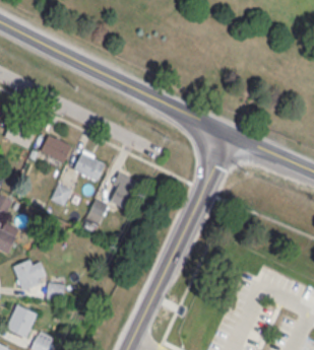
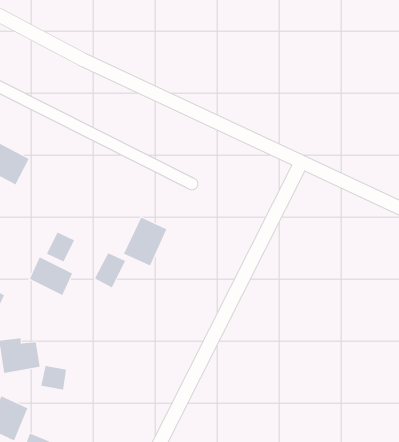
building: [40,135,71,163] -> none
building: [73,150,107,182] -> none
building: none -> [29,256,73,296]

